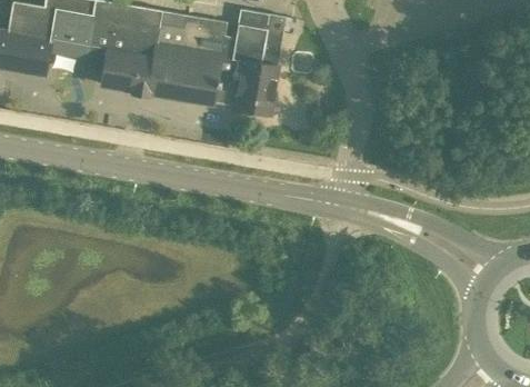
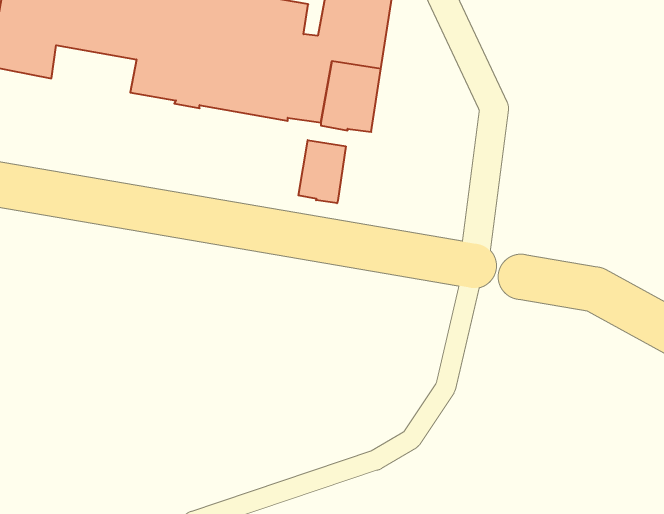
building: none -> [298,140,346,203]

